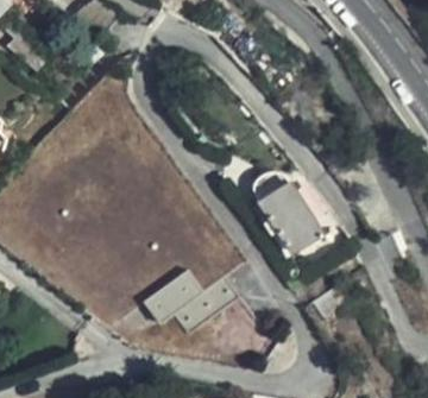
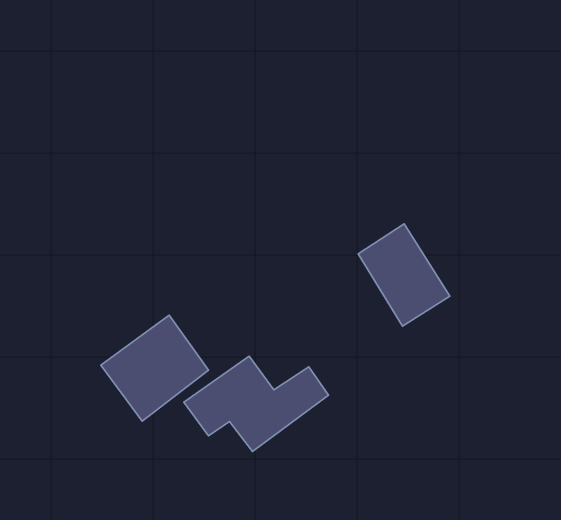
building: none -> [101,315,209,421]

